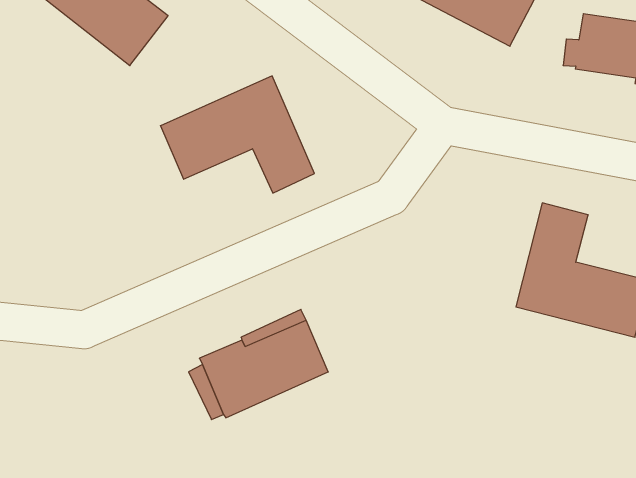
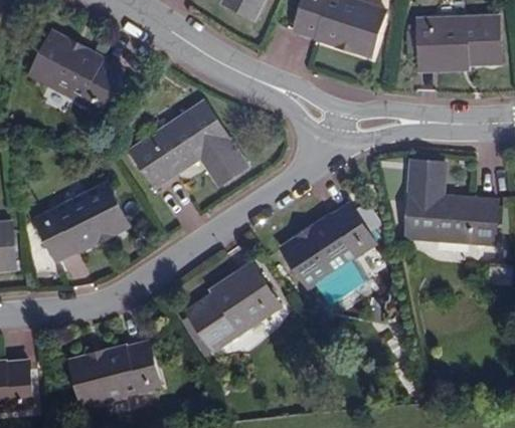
building: none -> [35,183,127,260]
building: none -> [282,204,373,286]
building: none -> [69,343,159,406]

